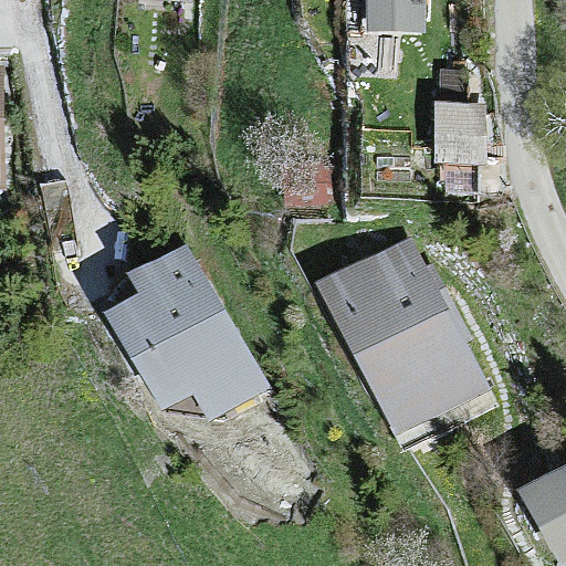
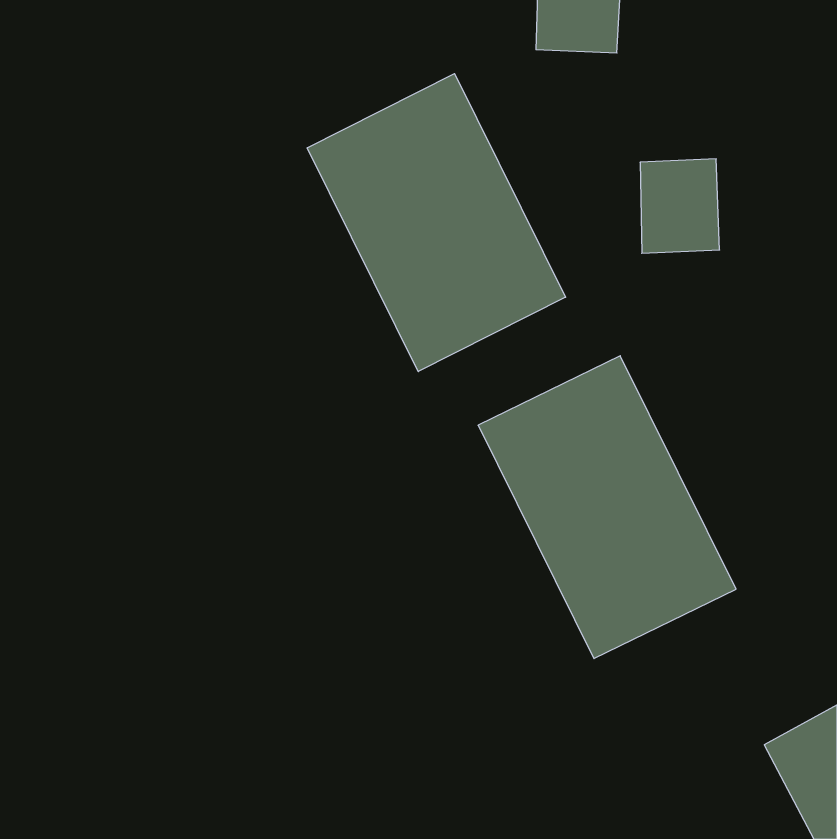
building: none -> [307,74,566,372]
building: [107,232,273,418] -> none

